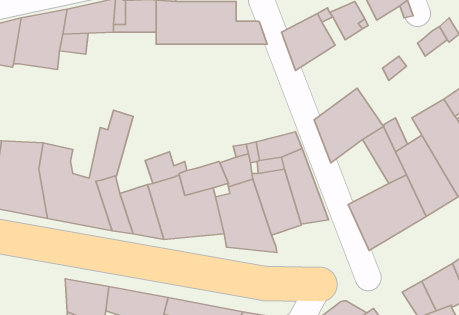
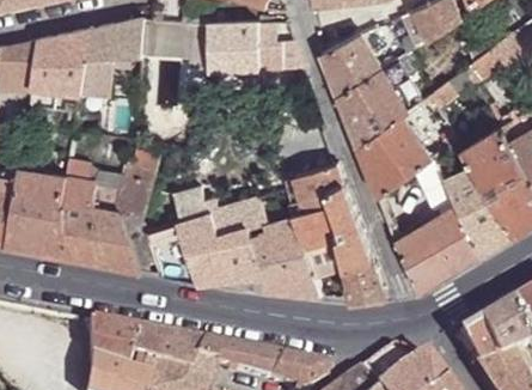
building: none -> [337,69,410,151]
building: none -> [343,260,386,299]

